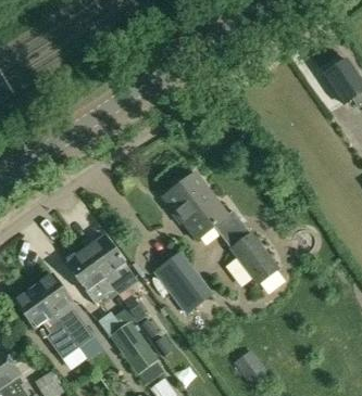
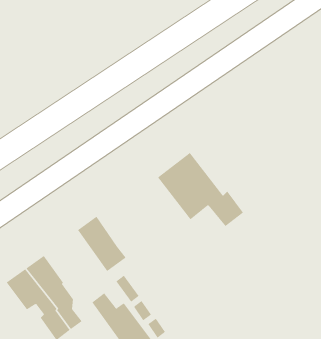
building: [227,230,279,285] -> none
building: [65,248,113,303] -> none
building: [155,255,208,312] -> none

